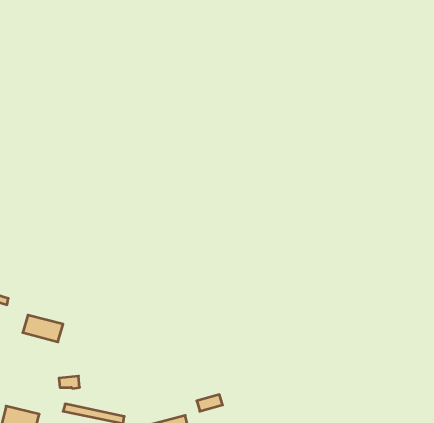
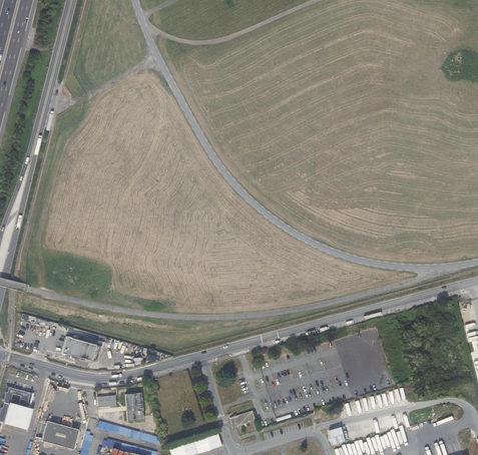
building: none -> [124,391,143,420]

